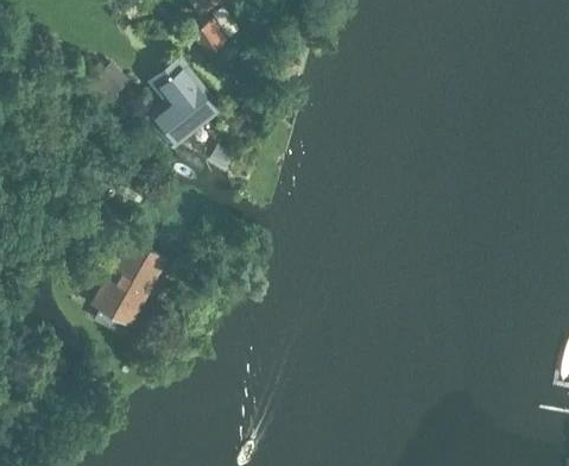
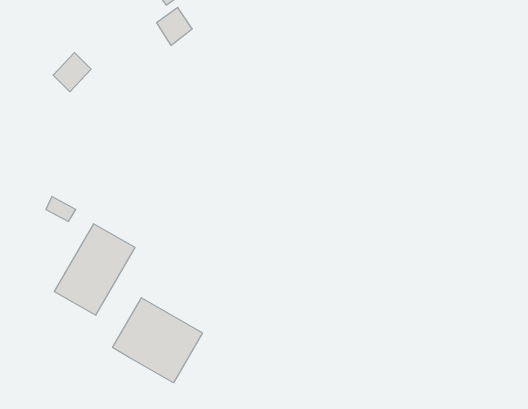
building: [154,70,208,139] -> none
building: none -> [113,298,202,383]

